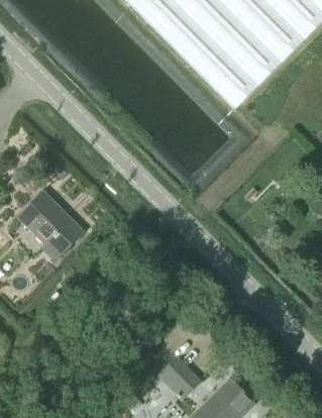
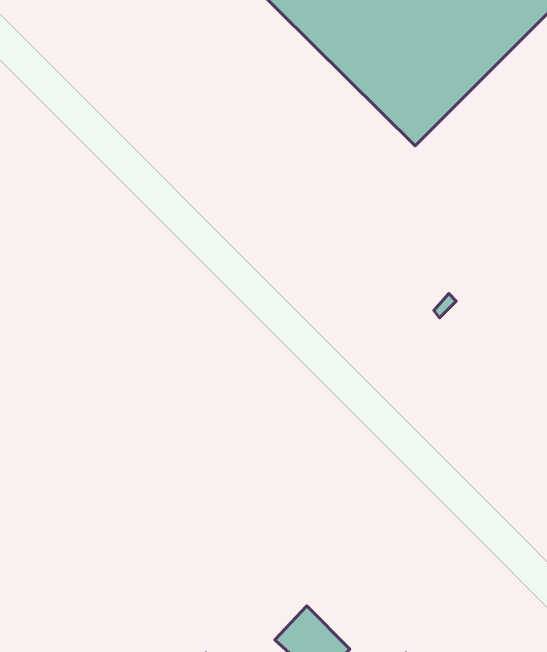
building: [17,191,83,259] -> none

